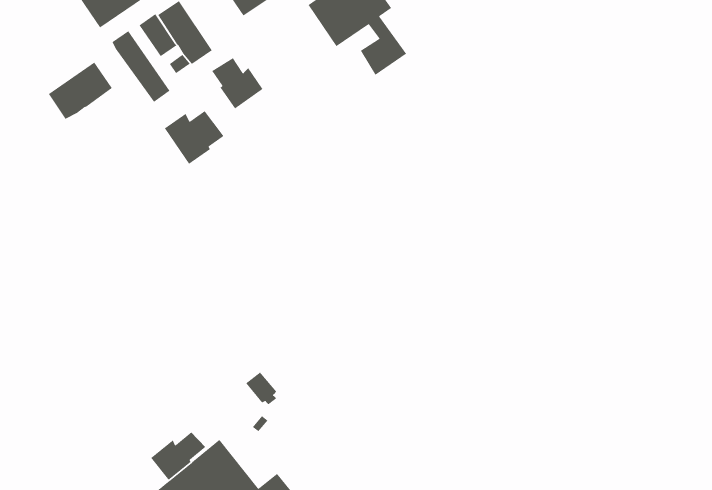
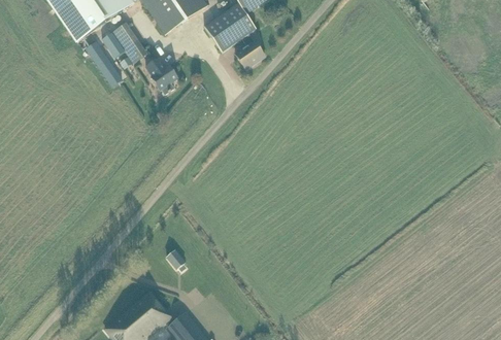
building: [48,61,113,121] -> none
building: [164,110,224,165] -> none
building: [150,431,206,481] -> none

